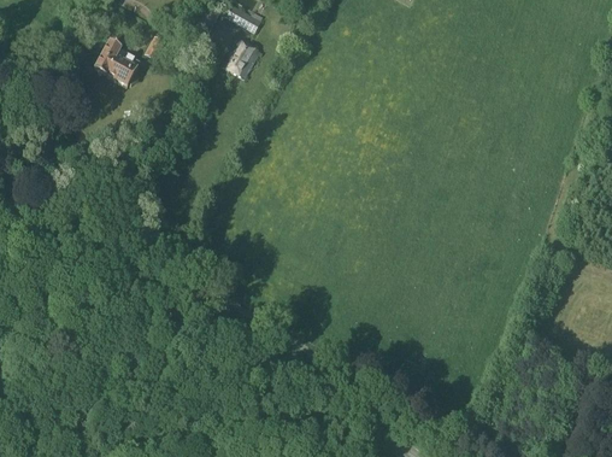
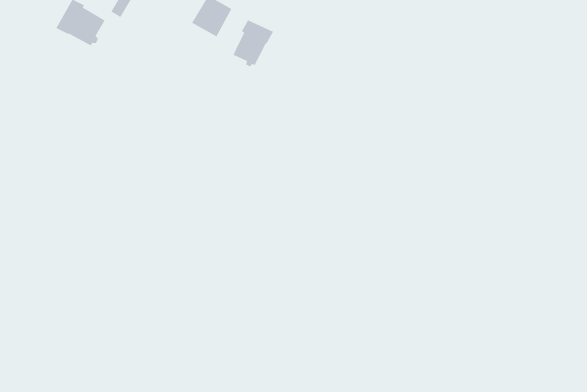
building: none -> [233,19,274,67]

